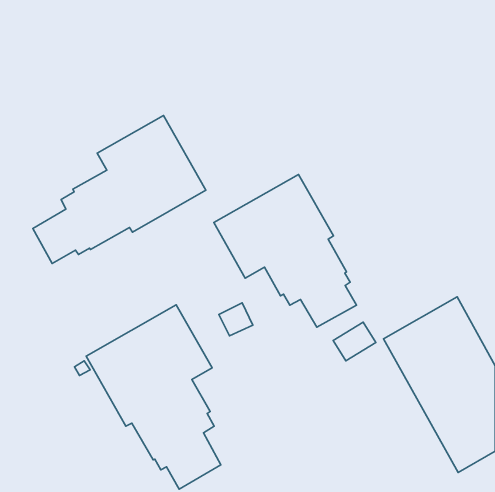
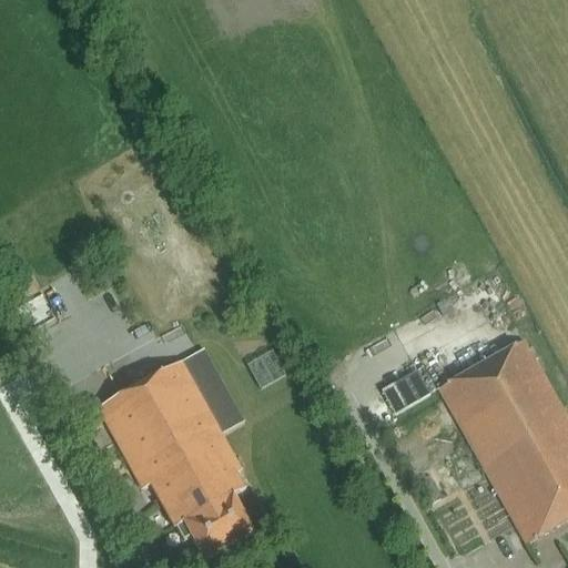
building: [33,115,206,263] -> none
building: [214,174,356,327] -> none

